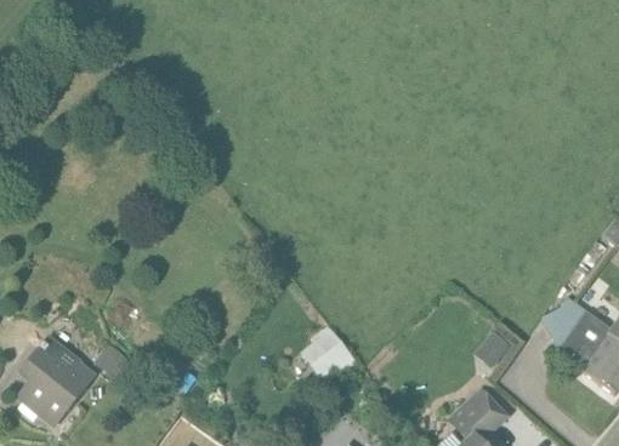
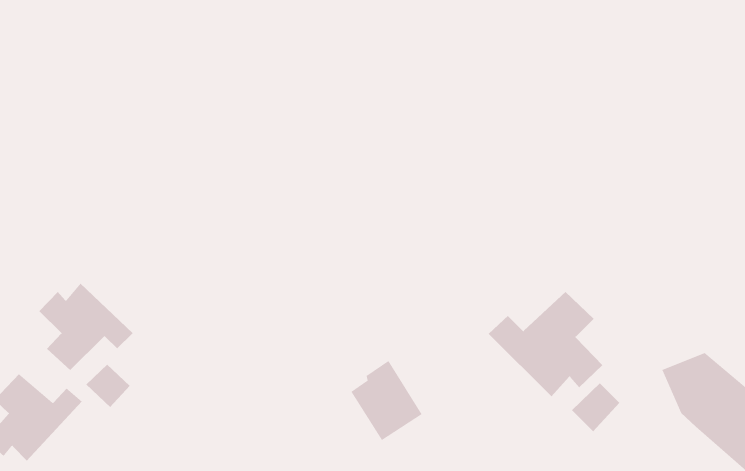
building: none -> [488,291,603,397]
building: none -> [38,283,134,371]

